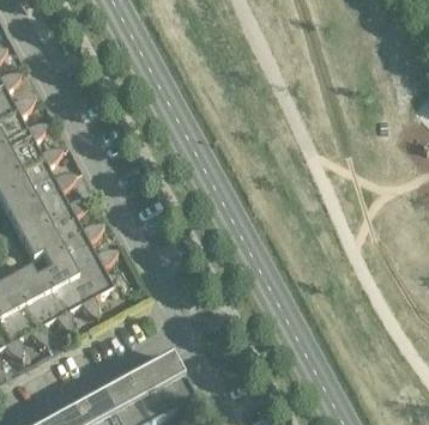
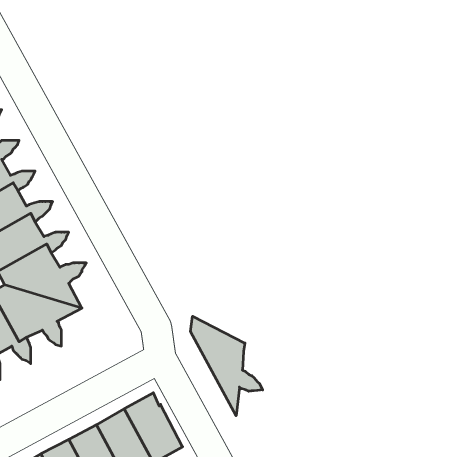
building: none -> [190,316,263,416]

